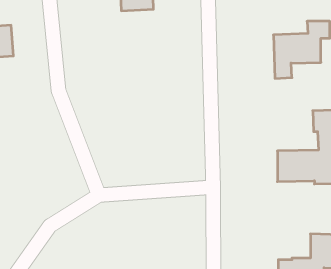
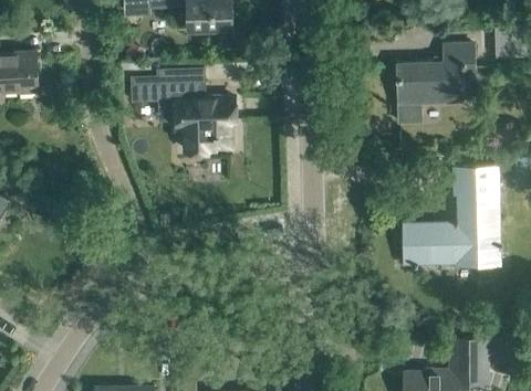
building: none -> [131,67,235,151]

